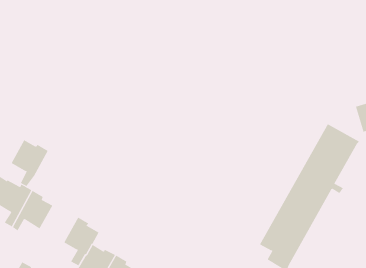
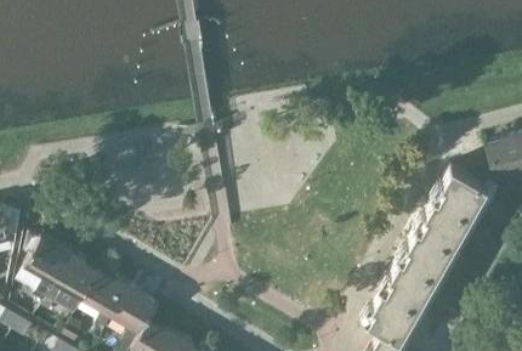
building: [11,139,49,187] -> [84,271,132,332]

